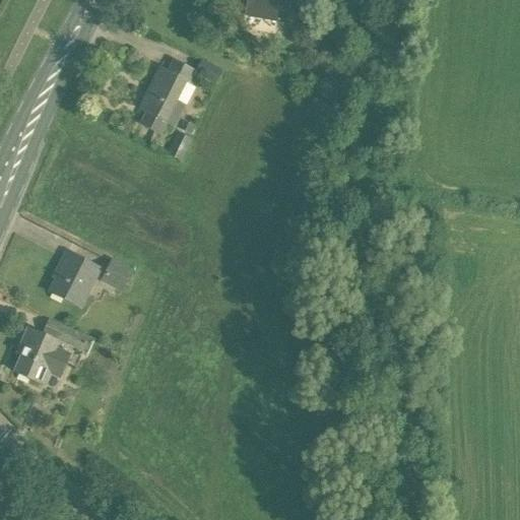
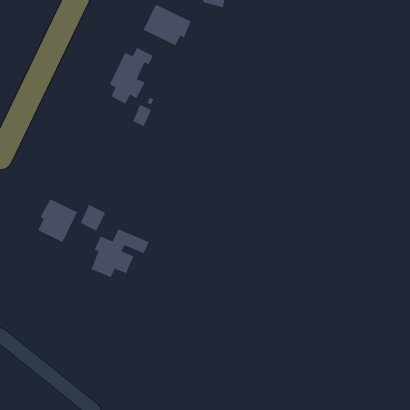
building: none -> [142,4,192,46]
building: [14,318,89,381] -> [90,228,150,278]

